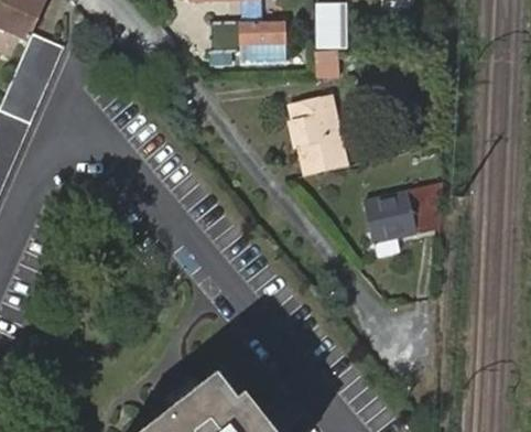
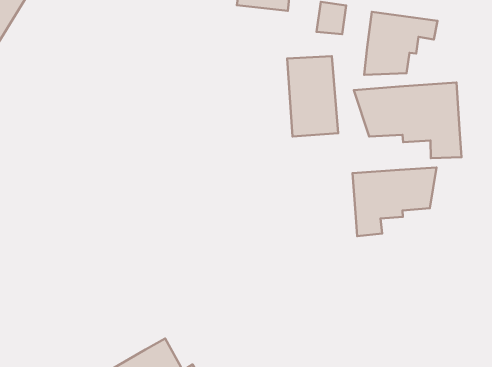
building: none -> [364,12,437,75]
building: none -> [354,83,461,158]

